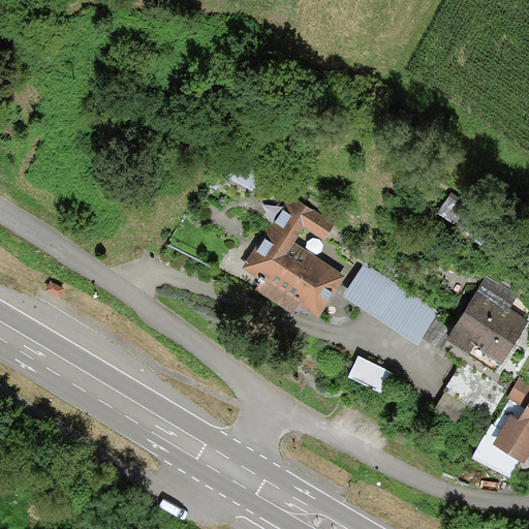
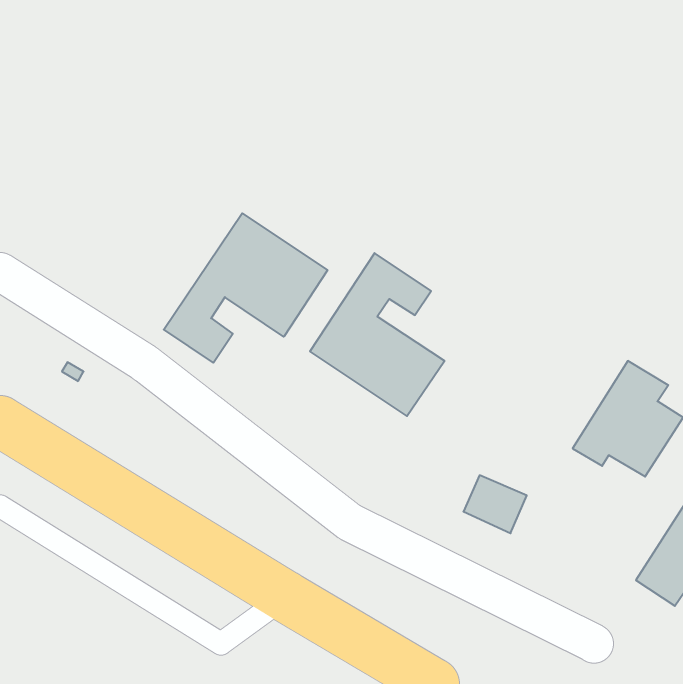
building: none -> [164,213,327,363]
building: [344,263,438,343] -> none

